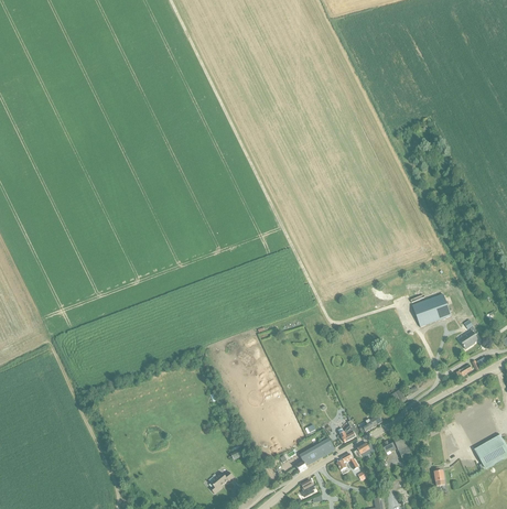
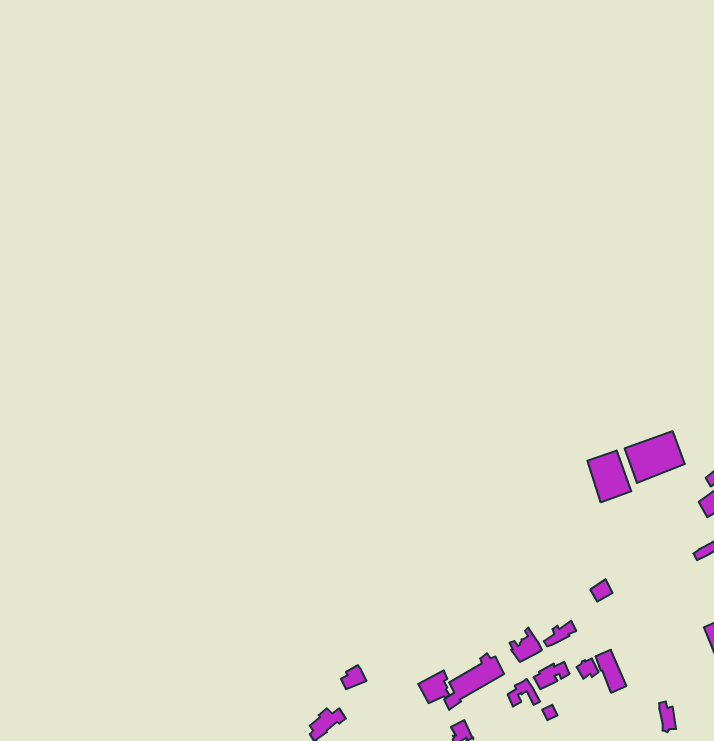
building: none -> [587,450,631,502]

